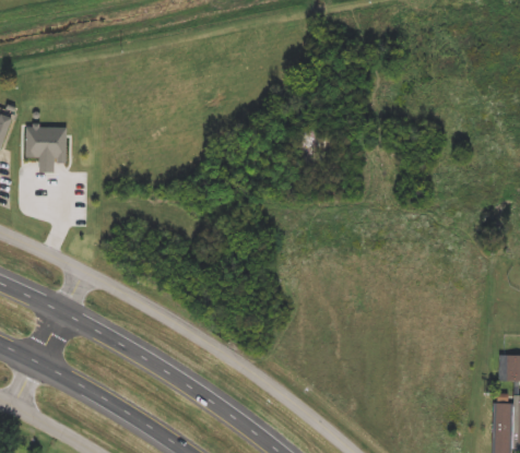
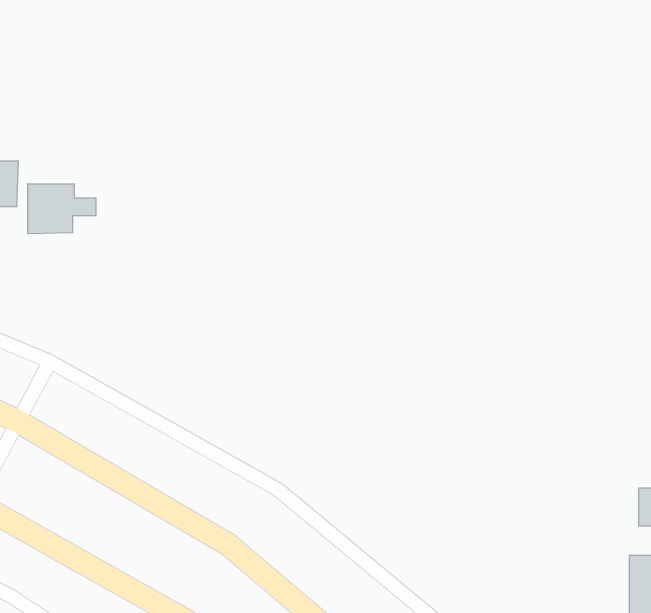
building: none -> [28,184,96,234]

